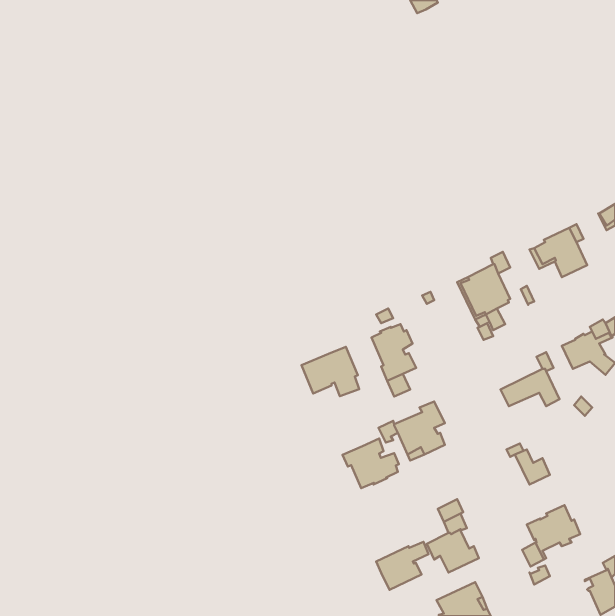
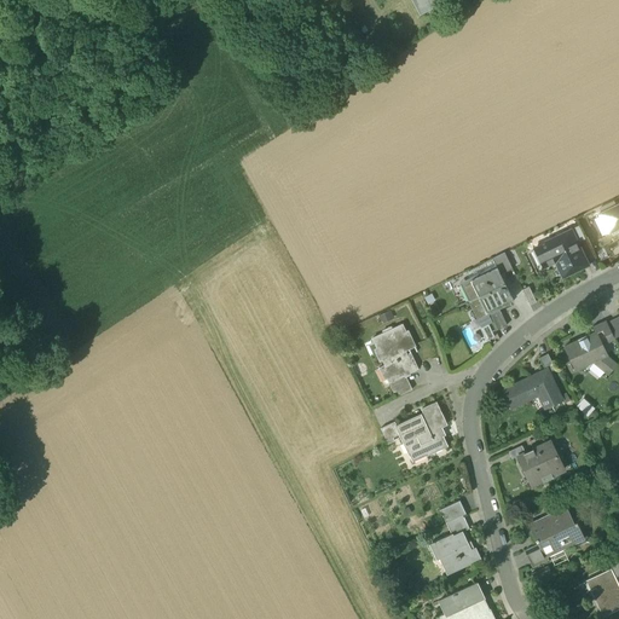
building: [302,347,359,396] -> none
building: [342,439,399,488] -> none
building: none -> [528,440,563,476]
building: [376,542,428,590] -> none

